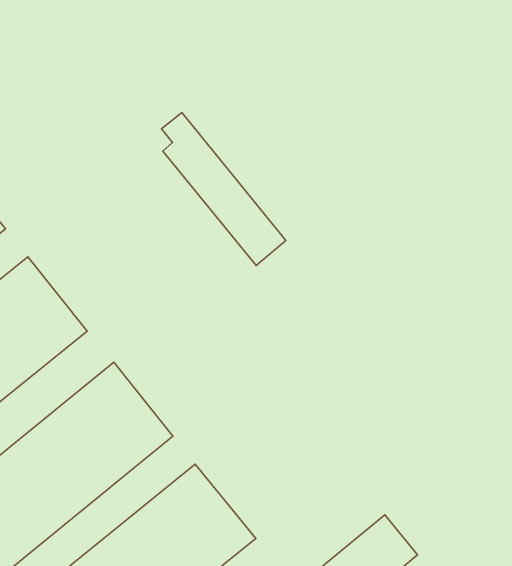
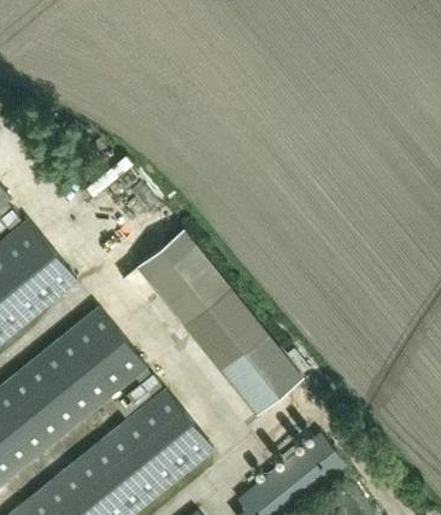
building: [162,112,286,265] -> none
building: none -> [136,229,301,412]

